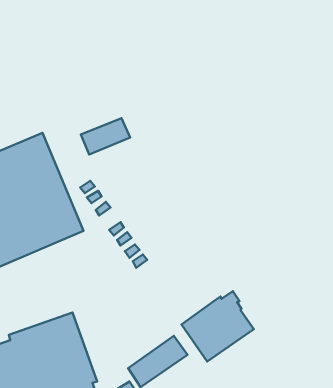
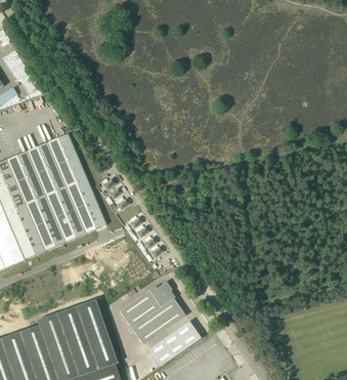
building: [81,118,130,155] -> none
building: [181,291,254,361] -> [120,281,186,345]

